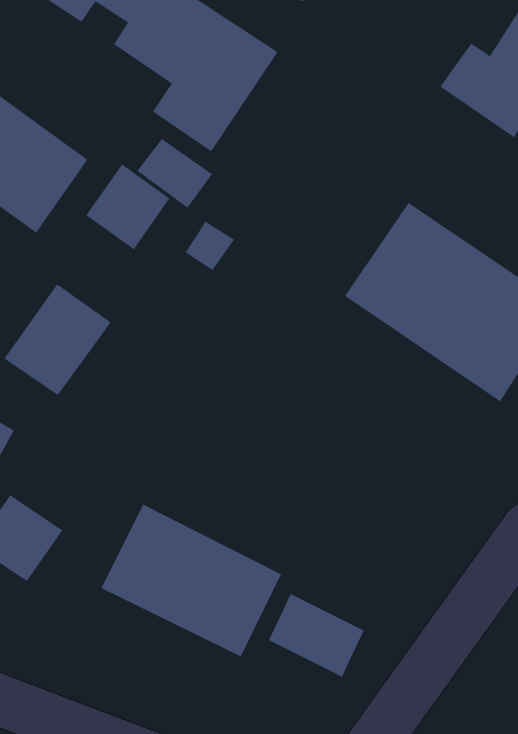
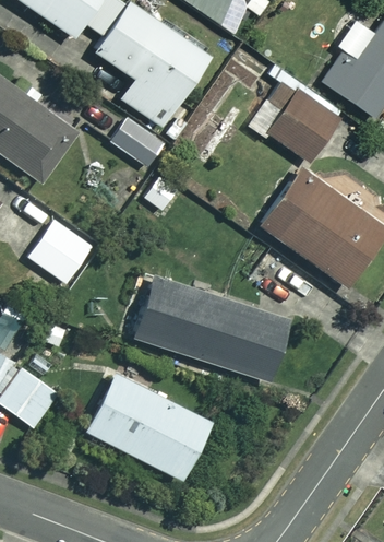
building: none -> [253,80,338,161]
building: [85,163,170,250] -> none
building: none -> [135,278,289,381]
building: [268,593,364,678] -> none

